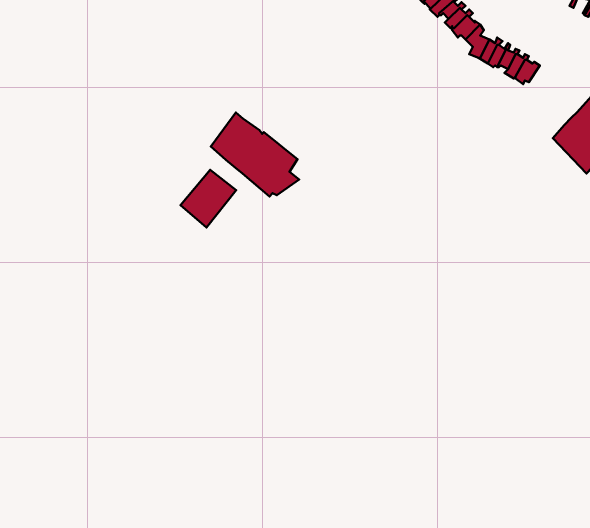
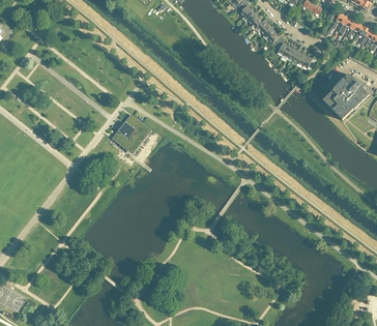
building: [211,113,299,197] -> none

